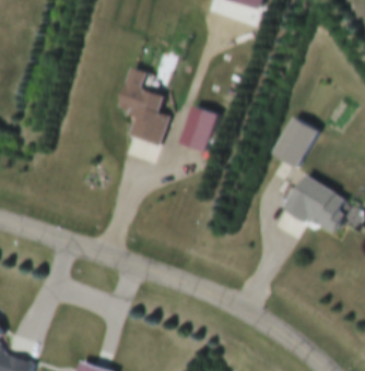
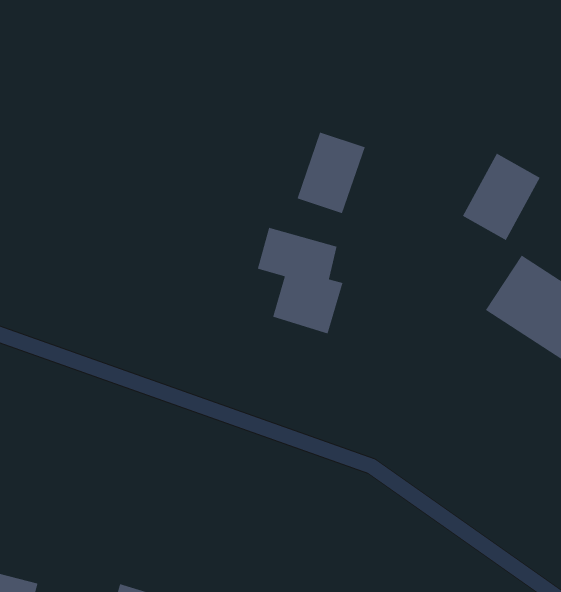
building: [118,82,167,143] -> [257,227,343,335]

